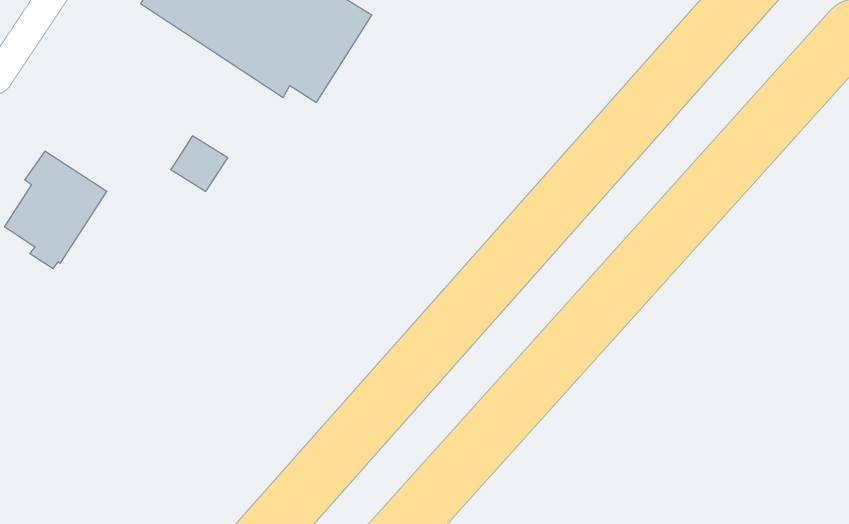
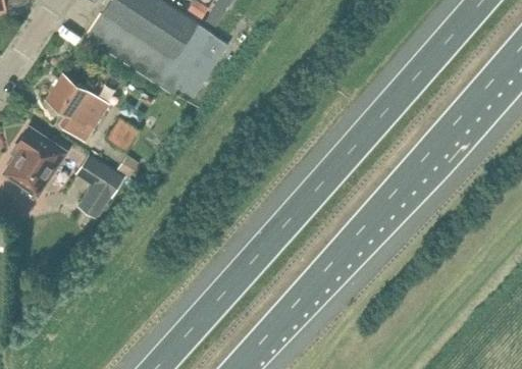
building: none -> [46,73,109,142]
building: none -> [76,155,123,217]

